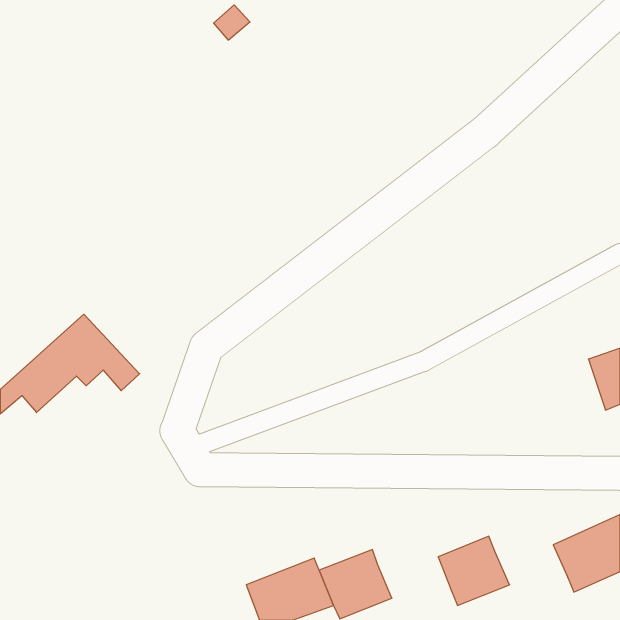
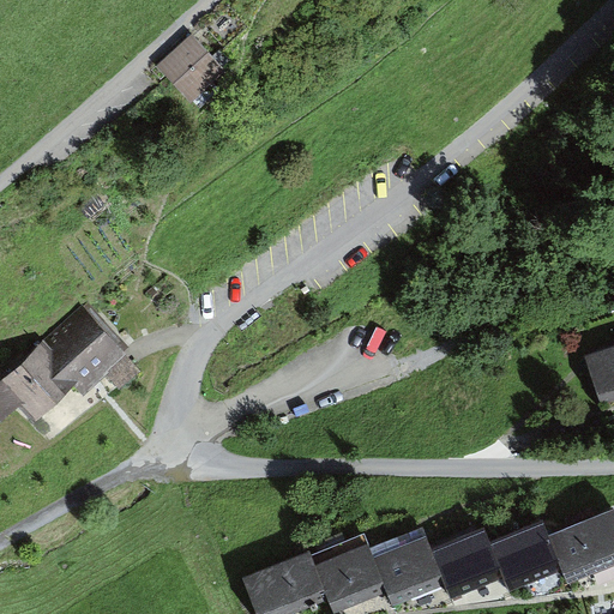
building: none -> [165,34,227,94]
building: none -> [489,524,561,592]
building: none -> [373,536,446,606]

